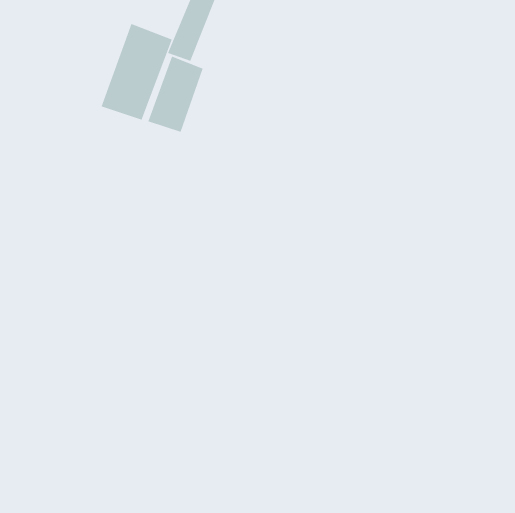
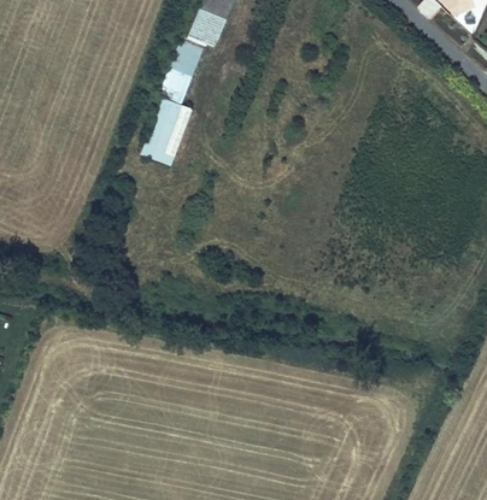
building: [101,23,172,120] -> none

